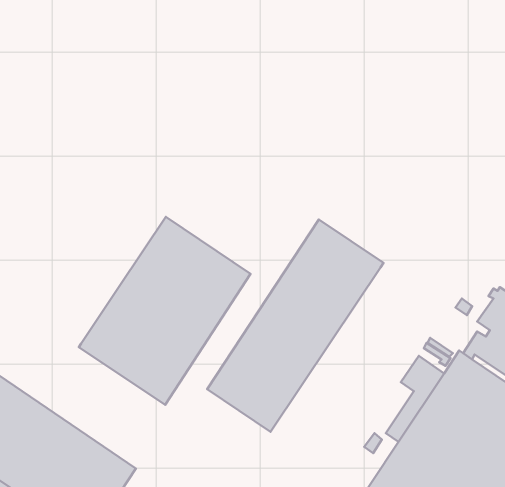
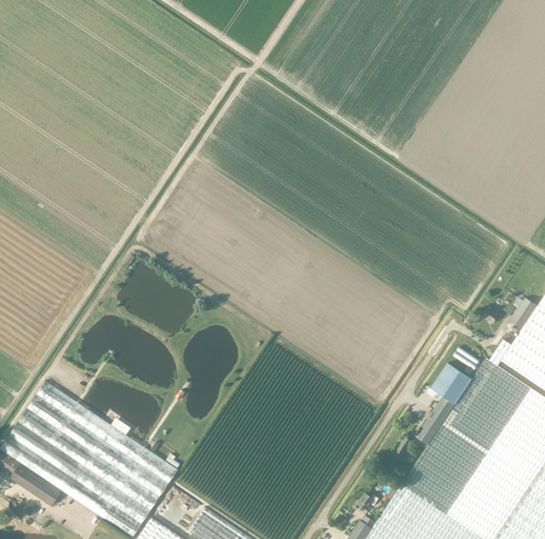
building: [79,217,251,405] -> none
building: [207,220,384,432] -> none

